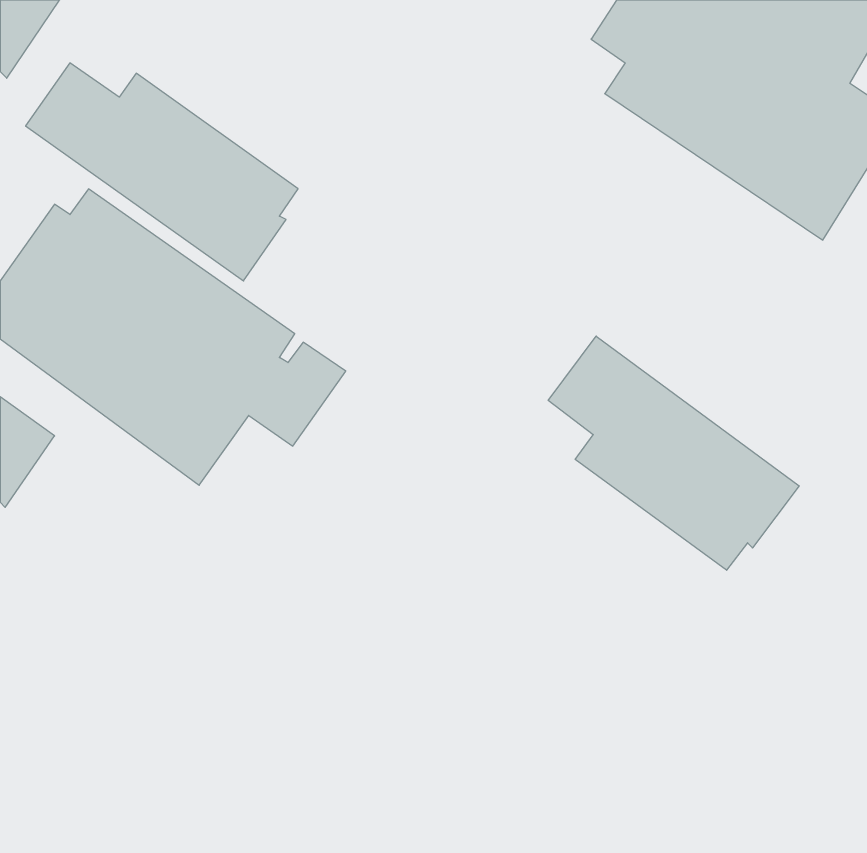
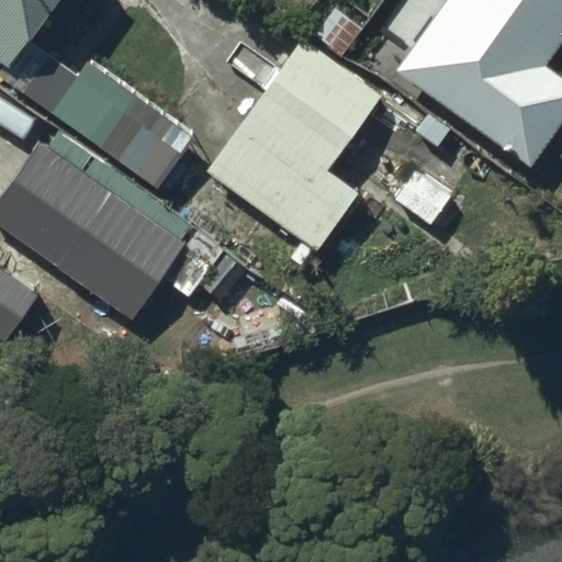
building: none -> [204,34,382,254]
building: [548,336,799,570] -> none

